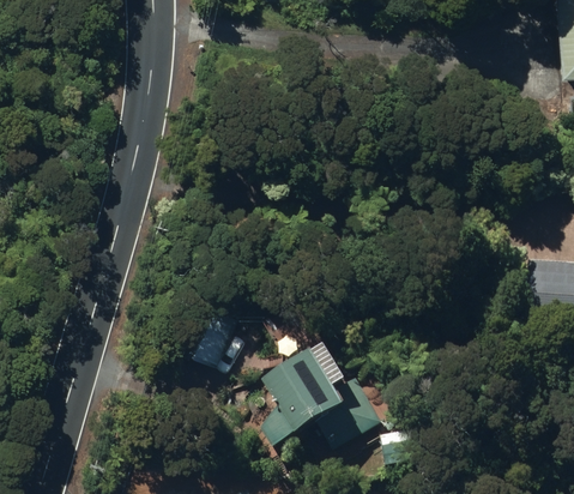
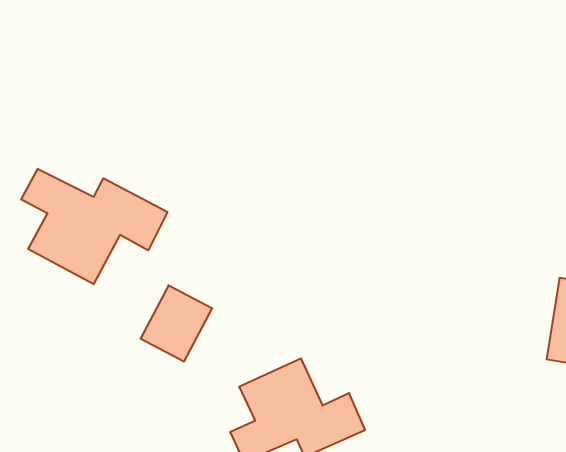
building: none -> [21,169,167,284]

